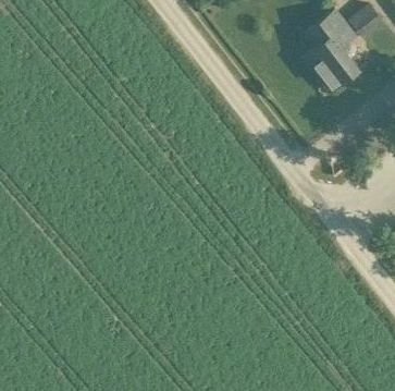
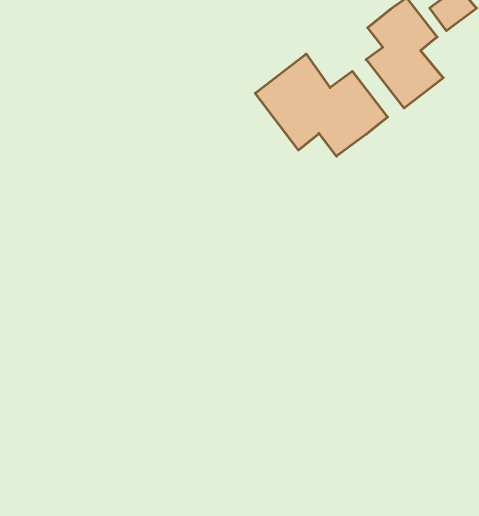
building: none -> [255,54,388,156]

